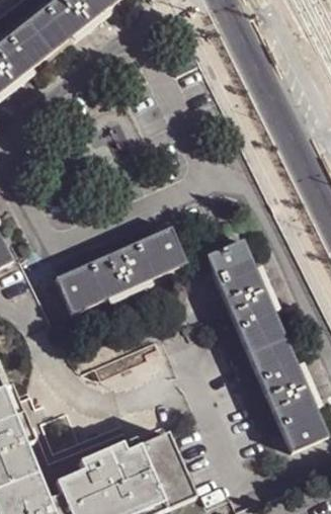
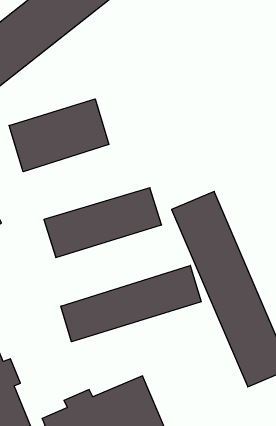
building: none -> [9,99,109,172]
building: none -> [61,265,201,342]

